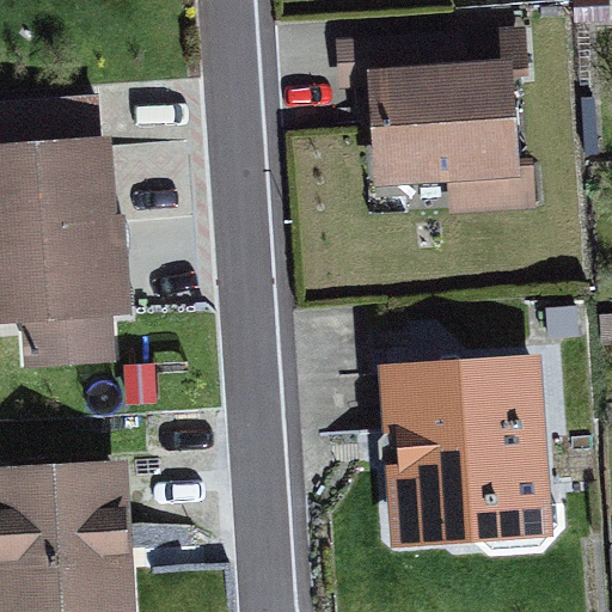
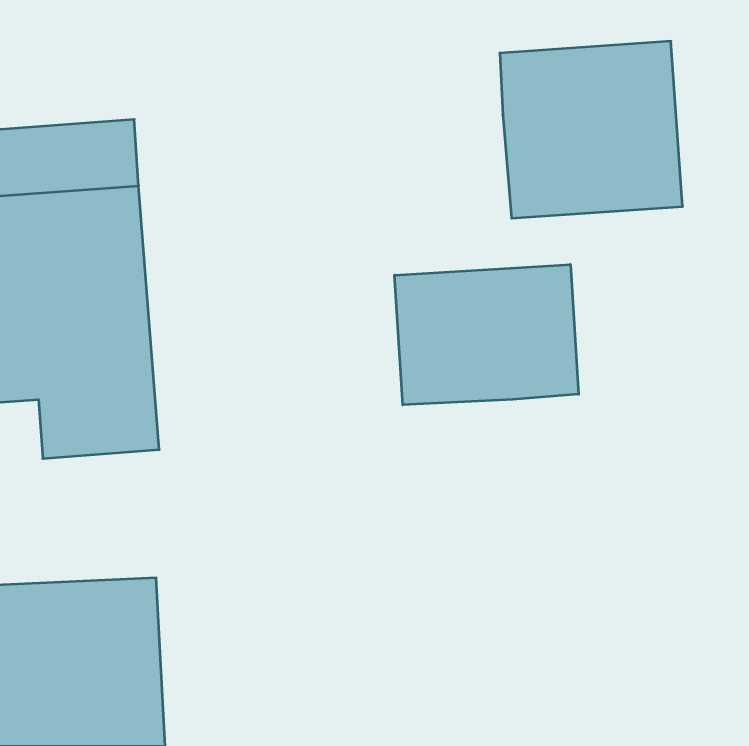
building: none -> [395,264,579,405]
building: [374,365,543,546] -> none

